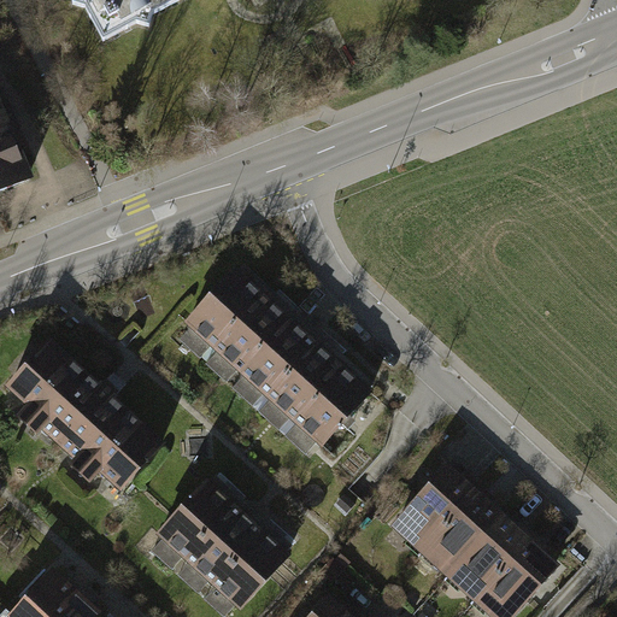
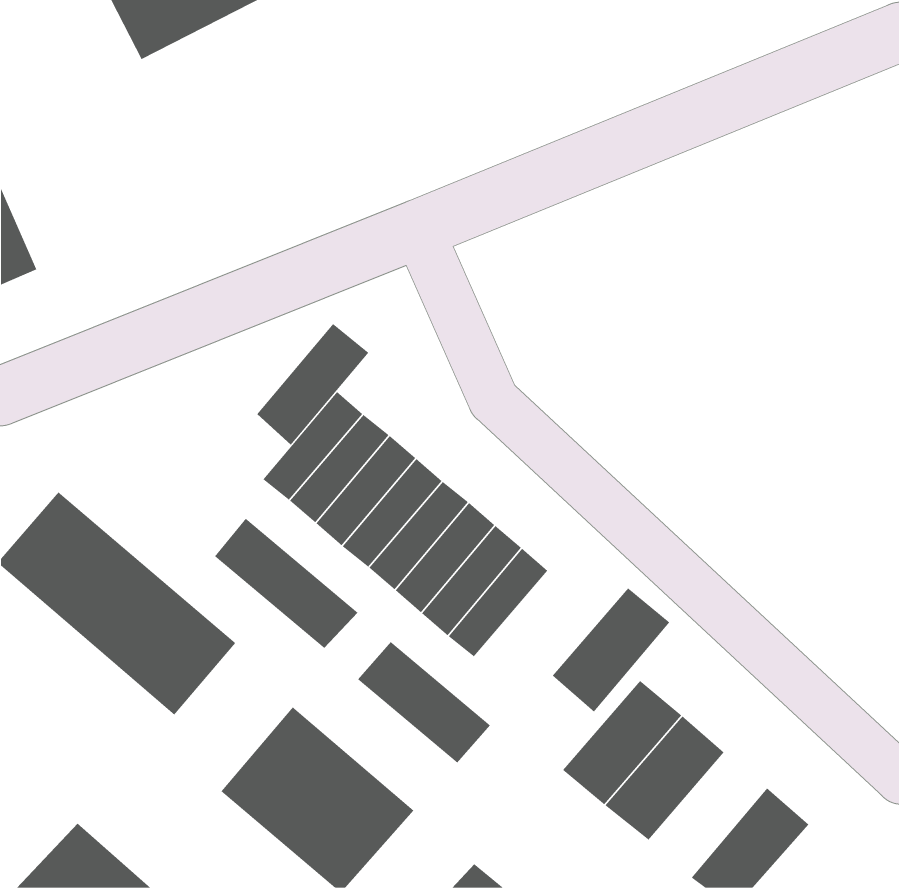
building: none -> [257,323,369,446]
building: none -> [214,518,358,649]
building: none -> [357,641,491,764]
building: [445,515,525,600] -> [552,587,670,712]

